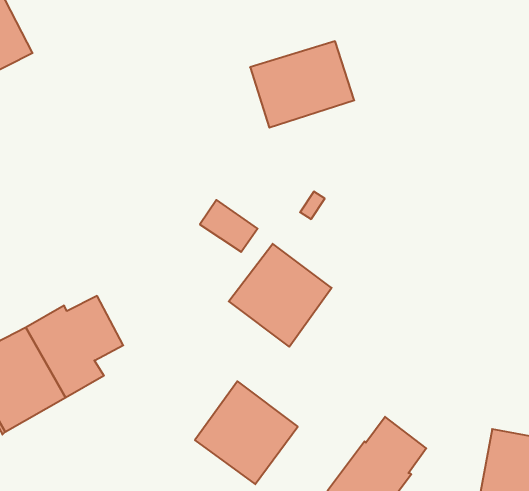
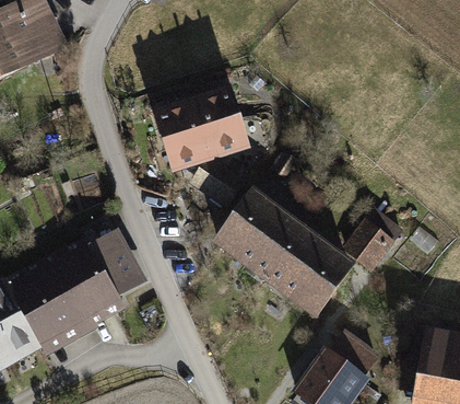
building: [250,41,354,128] -> [161,96,244,165]
building: none -> [346,211,401,268]
building: [195,381,298,484] -> [268,231,350,313]

